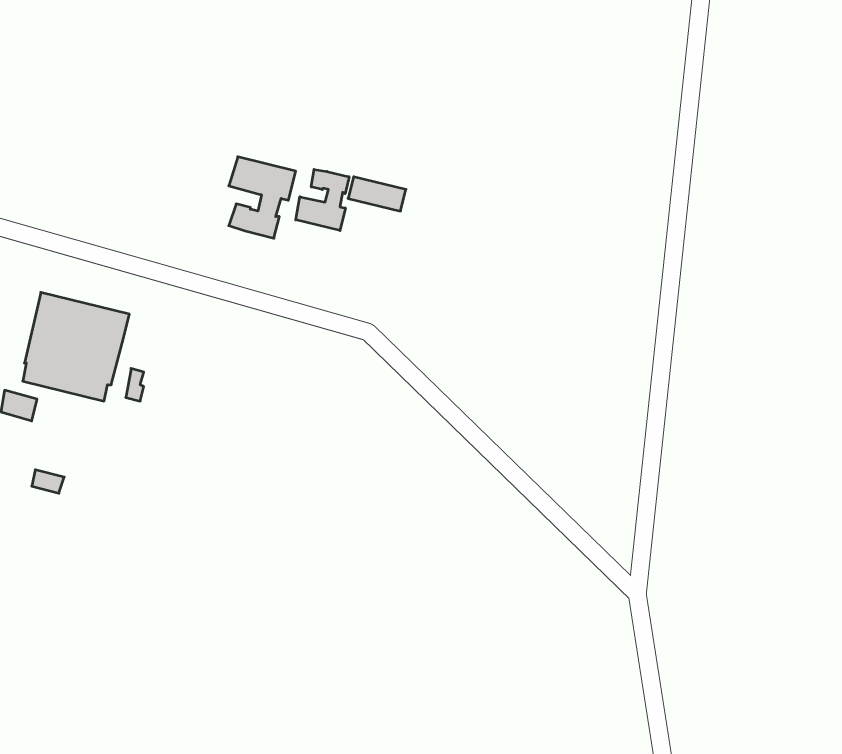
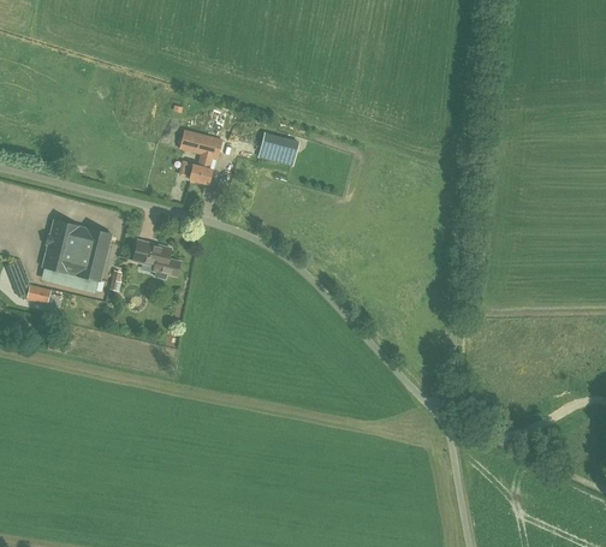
building: [296,169,349,231] -> none
building: none -> [132,239,179,279]

